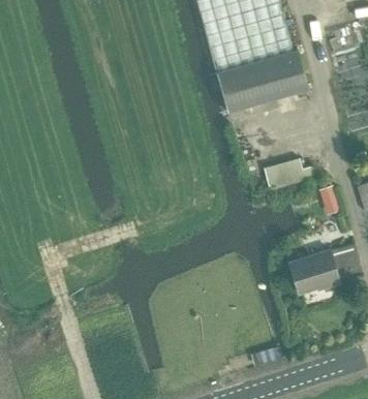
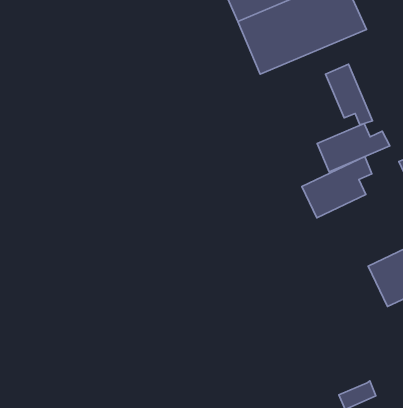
building: none -> [325,64,373,125]
building: none -> [302,157,372,218]

